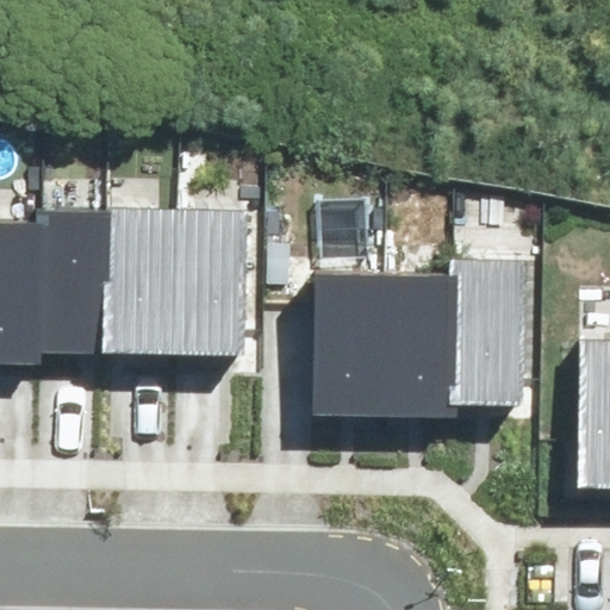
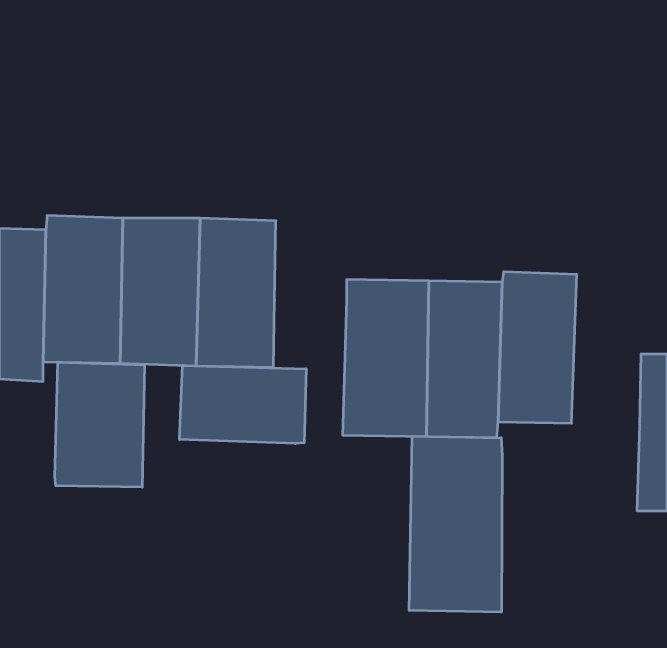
building: none -> [55,362,145,487]
building: none -> [180,365,306,444]
building: none -> [409,436,502,612]

